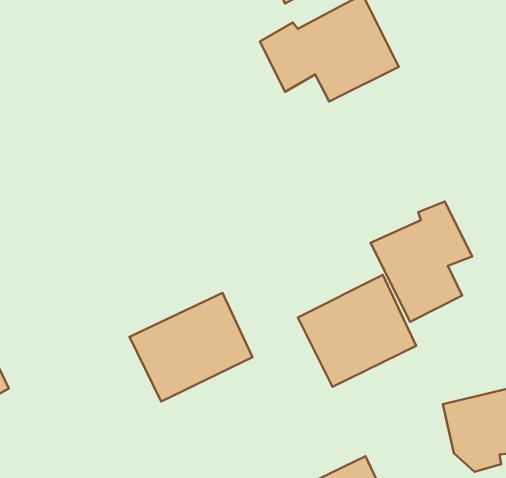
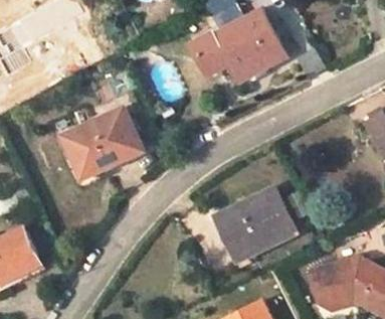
building: [371,201,472,322] -> none
building: [130,293,253,401] -> [63,108,142,177]

